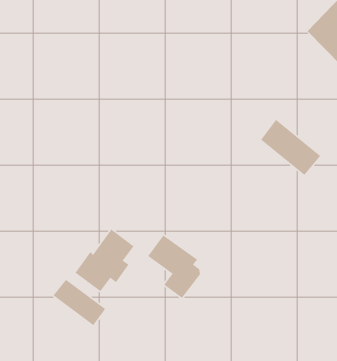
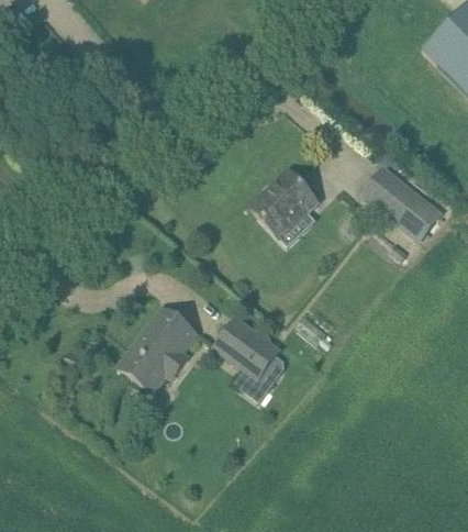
building: none -> [254,167,319,242]
building: [52,279,106,326] -> none

